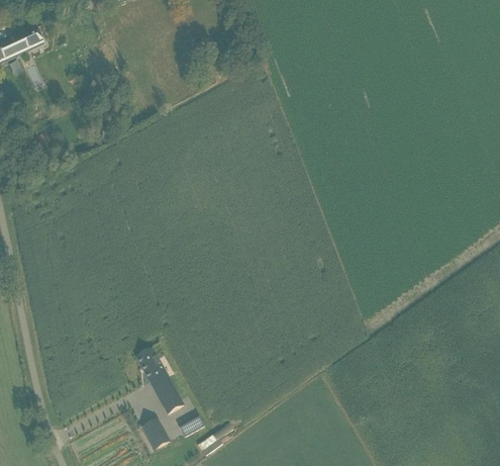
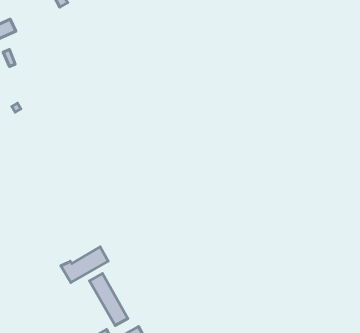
building: none -> [61,247,108,283]

